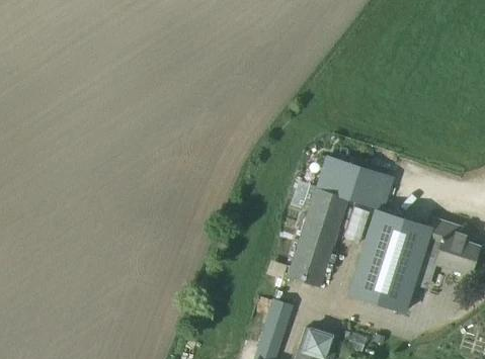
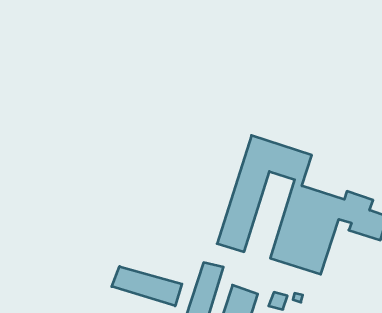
building: none -> [112,266,182,306]

